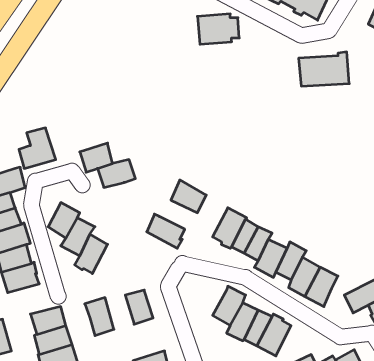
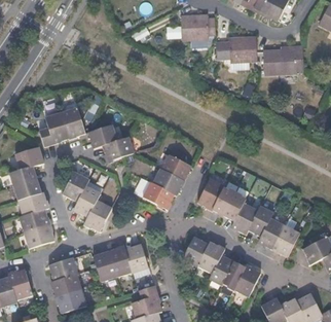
building: none -> [225,42,259,74]
building: none -> [60,107,84,139]
building: none -> [152,169,183,196]
building: none -> [181,236,207,264]
building: none -> [108,246,132,276]

